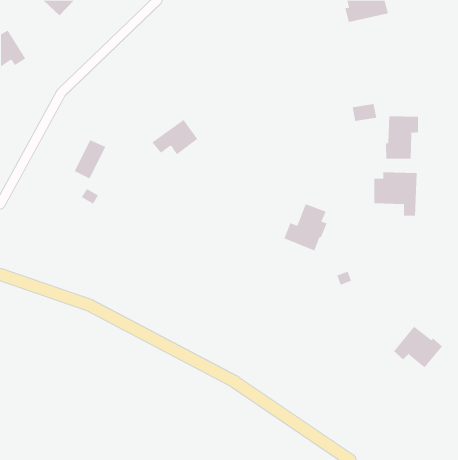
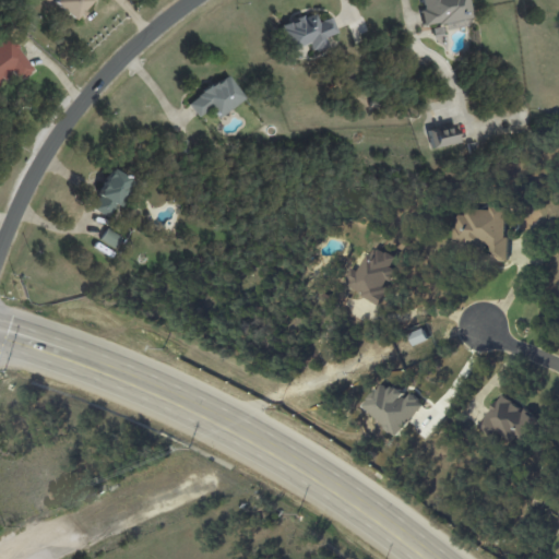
building: none -> [281,12,338,53]
building: [386,115,419,159] -> none
building: [151,119,198,155] -> [189,74,246,118]
building: none -> [362,383,425,437]

